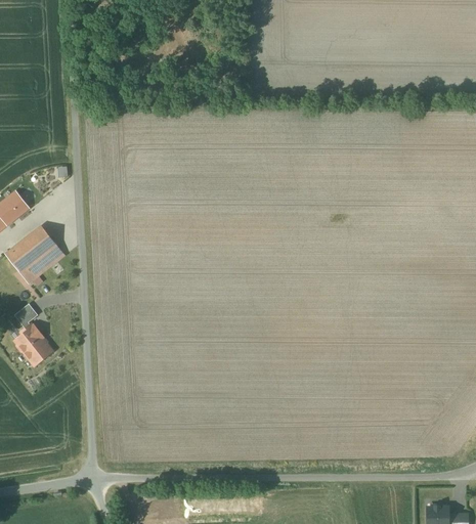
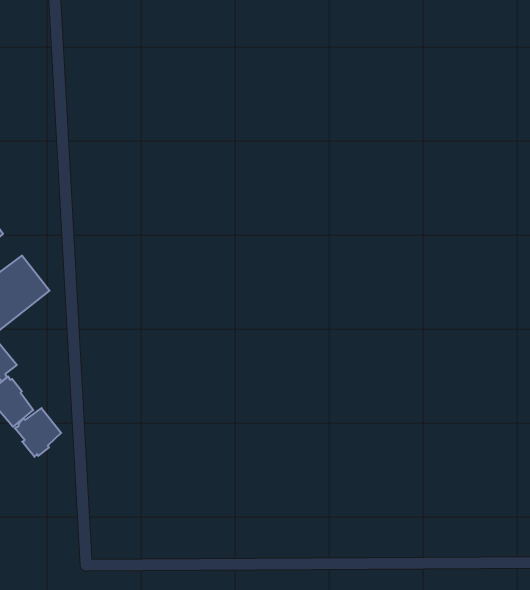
building: none -> [15,408,61,457]

